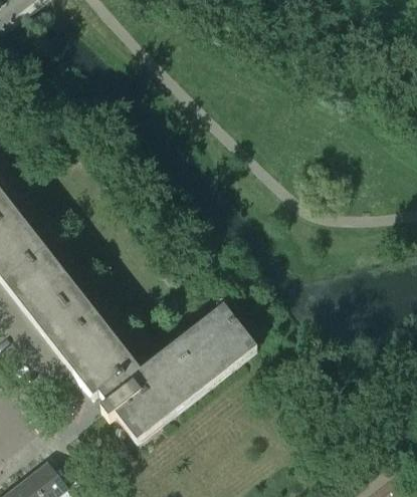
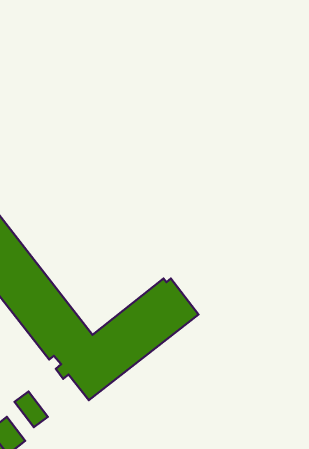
building: none -> [14,392,48,427]

